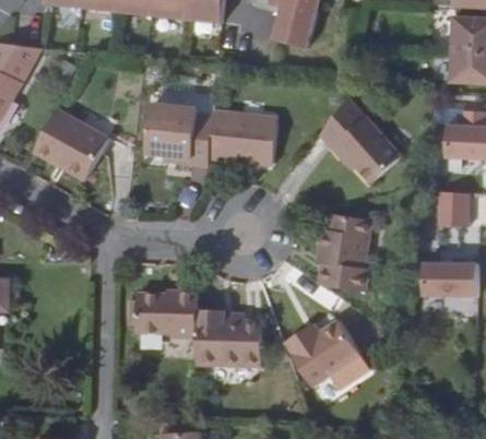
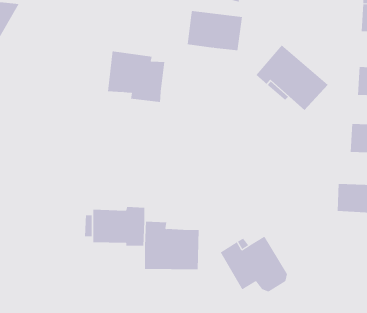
building: [36,108,108,181] -> none
building: [213,112,280,161] -> [187,10,243,51]
building: [323,212,378,287] -> none

